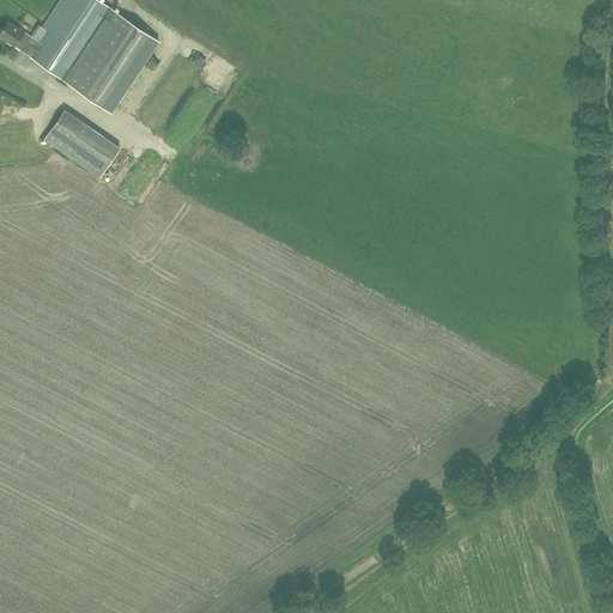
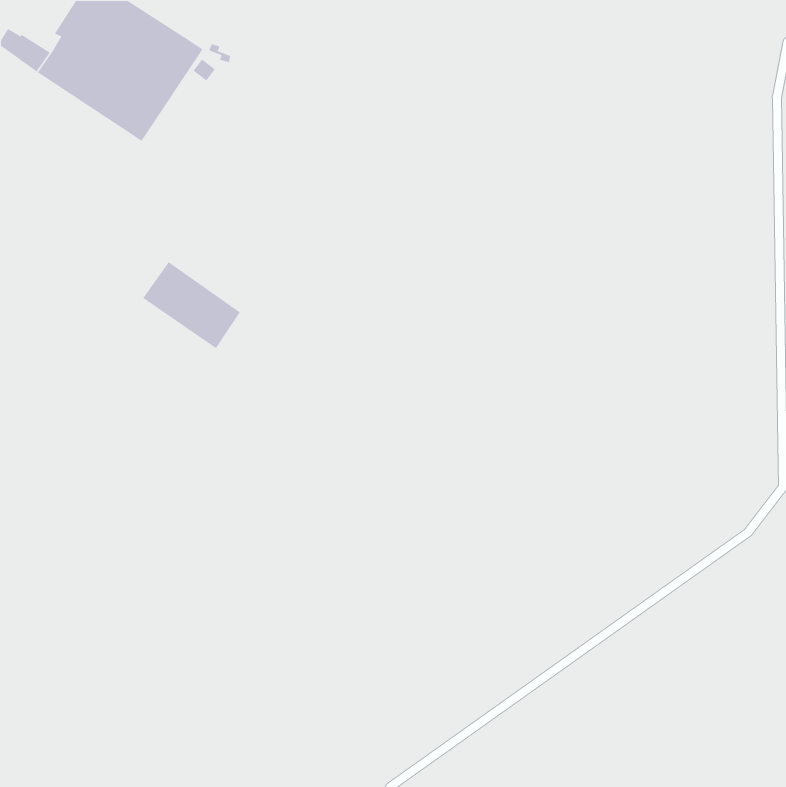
building: [42,110,119,178] -> [142,261,241,349]

